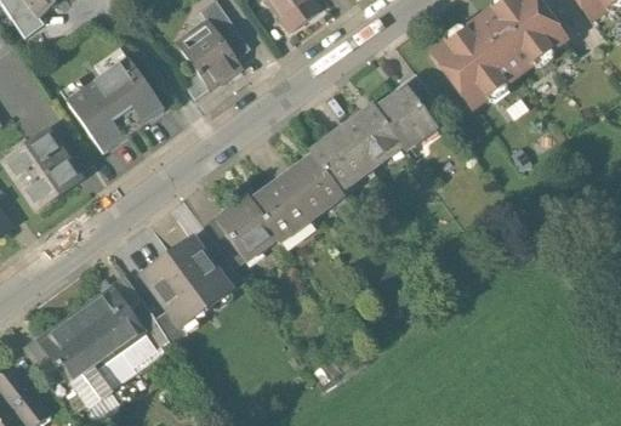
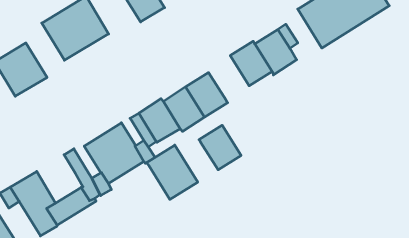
building: [309,127,371,192] -> [199,125,241,170]
building: none -> [147,145,198,199]
building: [75,288,143,358] -> none

